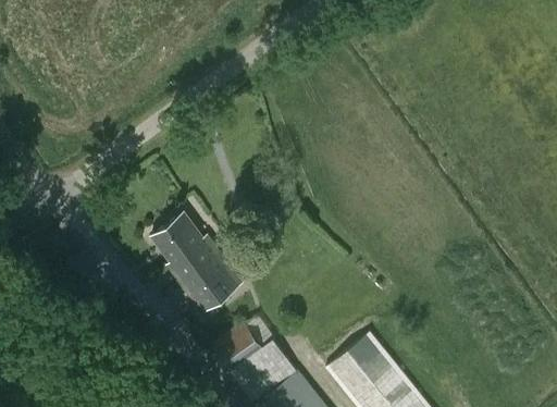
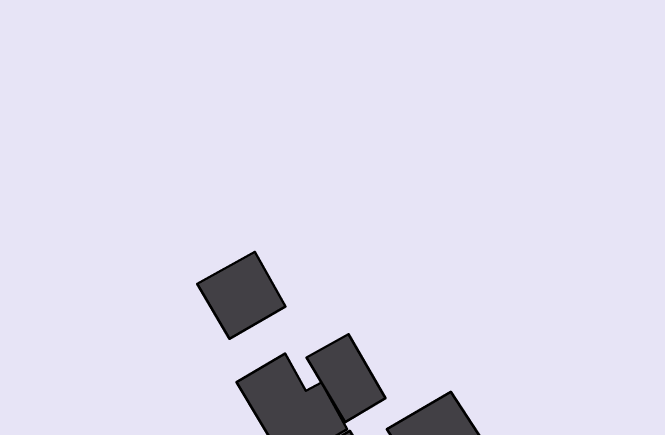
building: [152,213,214,274] -> none
building: none -> [307,334,386,422]

